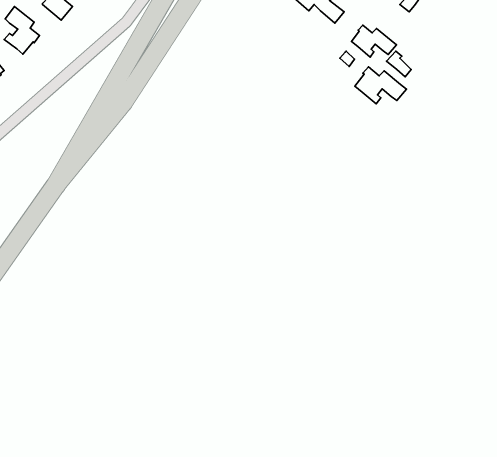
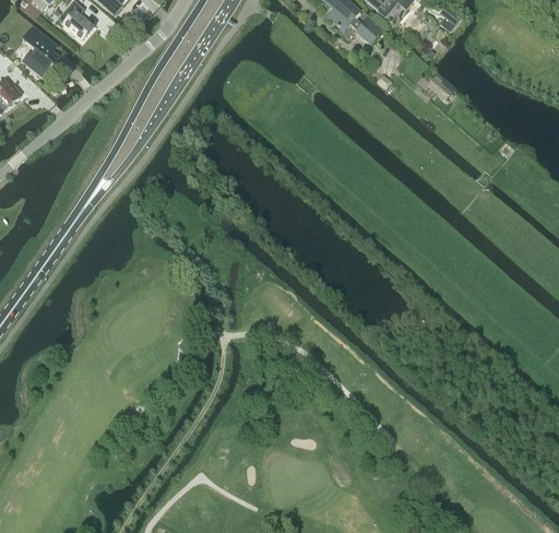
building: [351,25,396,57] -> none
building: [355,67,407,104] -> none

